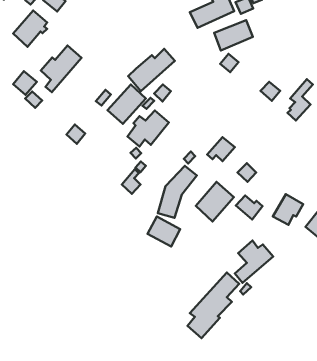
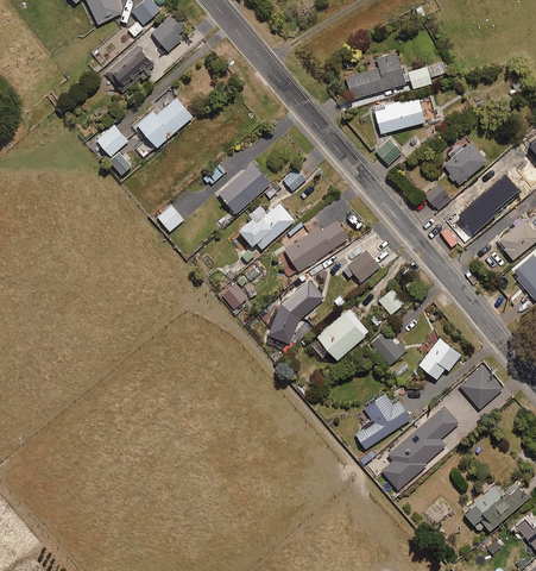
building: none -> [443,136,487,184]
building: [128,49,175,91] -> [283,220,348,272]
building: [148,217,180,246] -> none
building: [187,272,239,338] -> [381,406,459,489]

